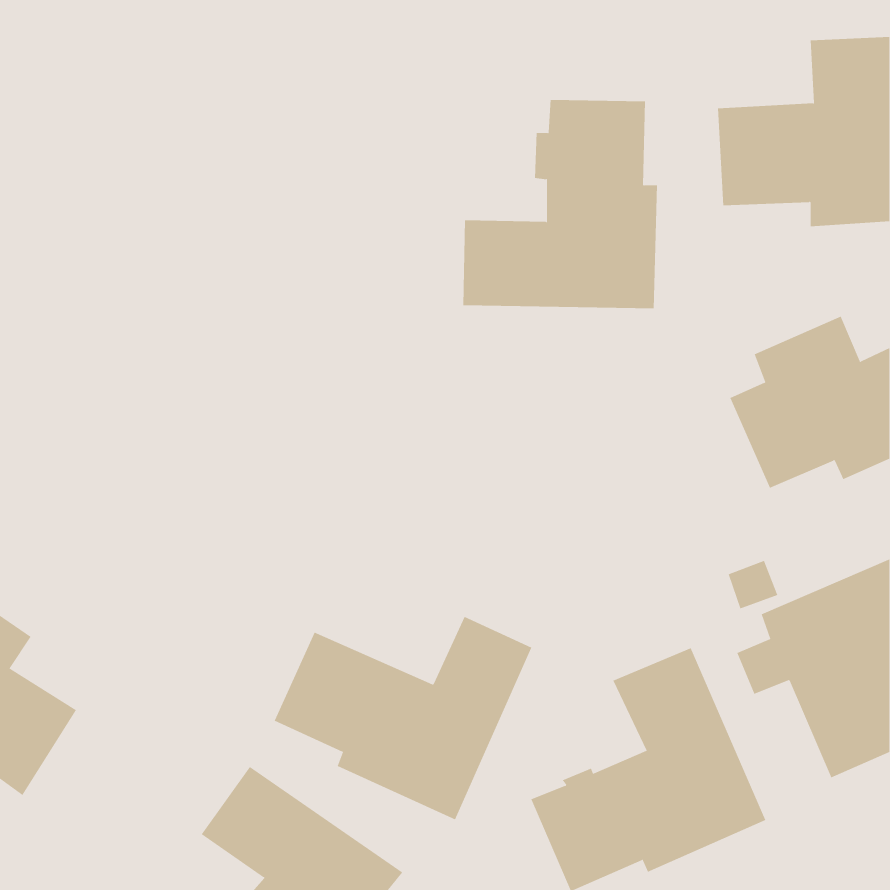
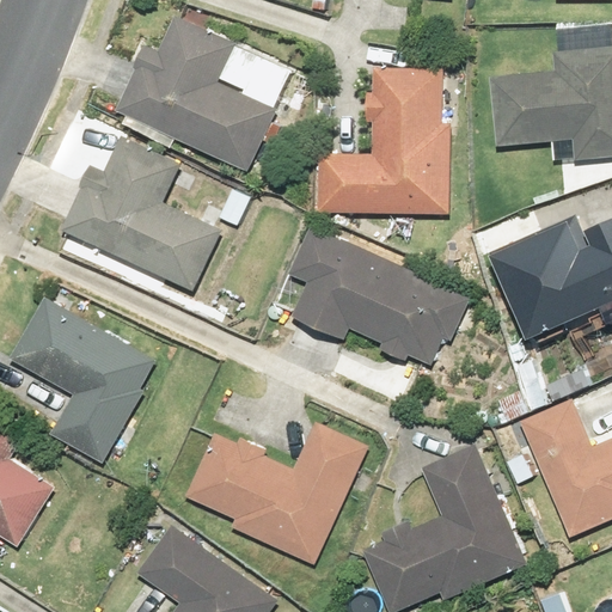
building: none -> [115,19,290,170]
building: none -> [61,139,220,290]
building: none -> [289,228,469,361]
building: none -> [11,299,153,460]

